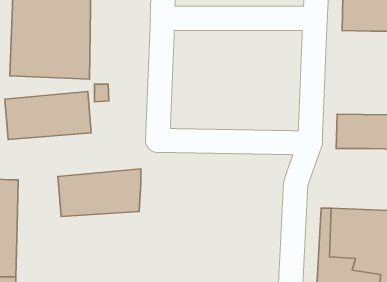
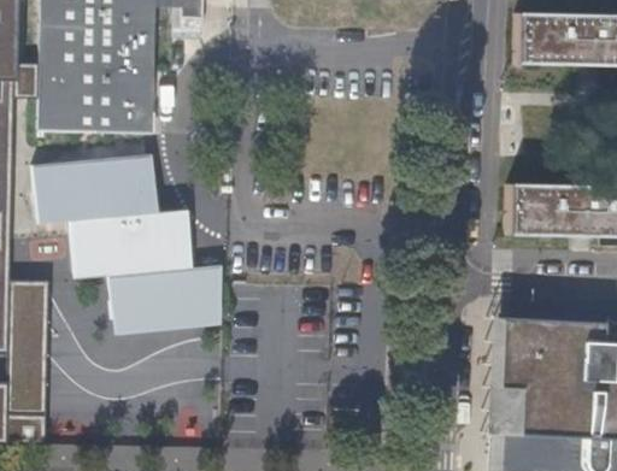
building: none -> [67,207,192,276]

